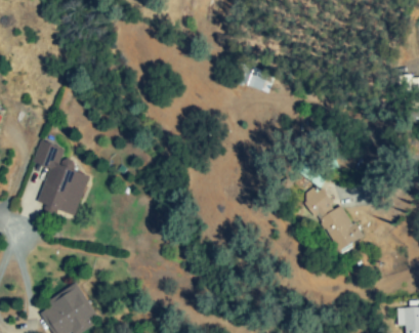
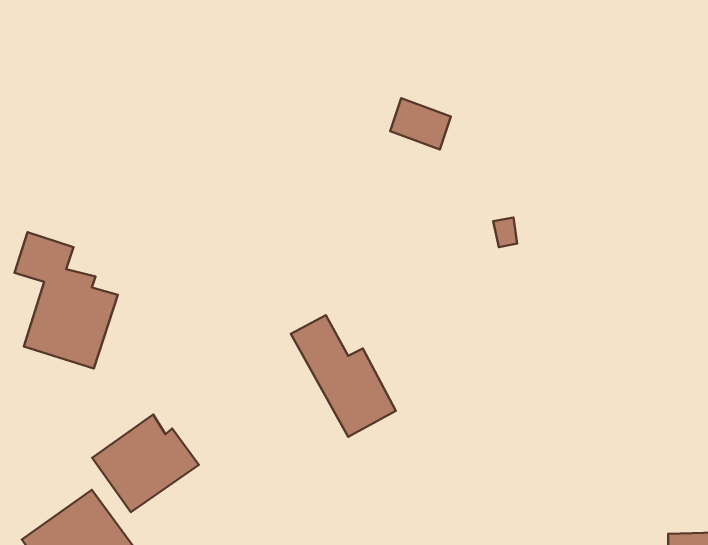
building: [302,185,361,253] -> [291,315,396,437]
building: none -> [92,415,199,512]

